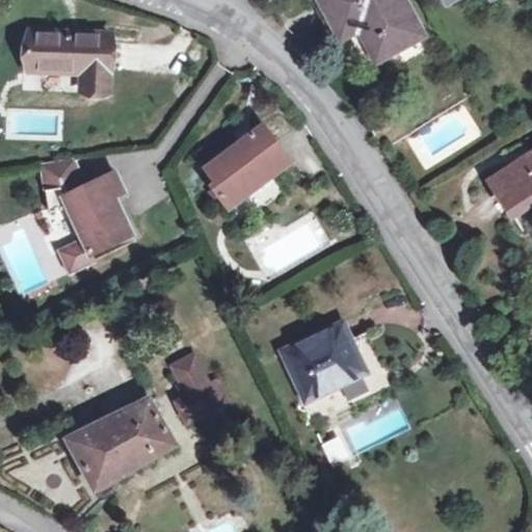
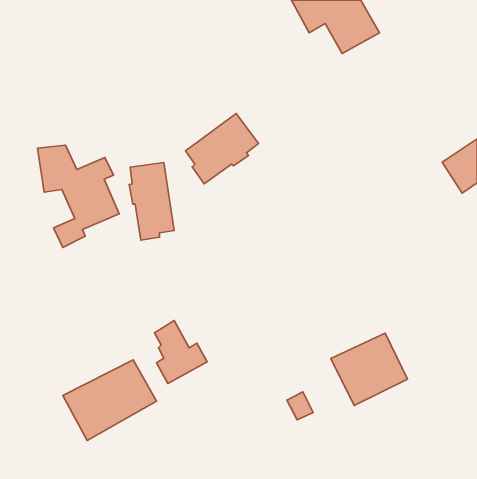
building: [25,34,108,91] -> none
building: none -> [129,162,174,240]
building: [281,322,366,402] -> [331,333,408,405]

